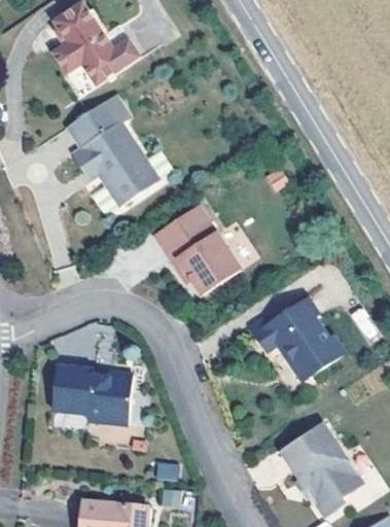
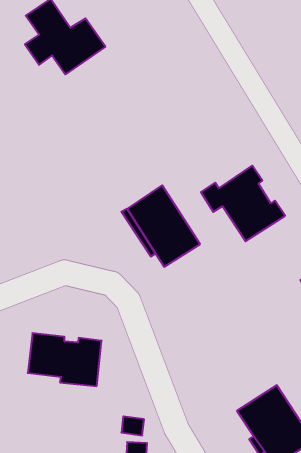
building: [67,95,158,205] -> none
building: [253,298,345,381] -> [201,166,285,241]

